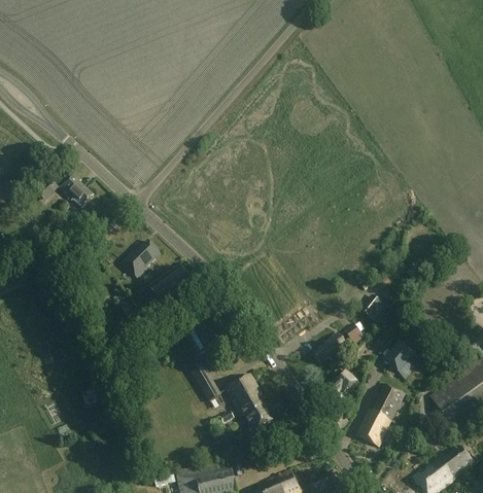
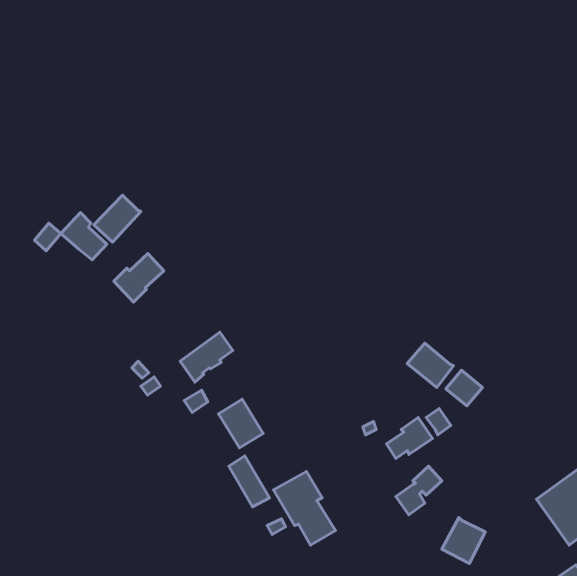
building: none -> [94,195,141,242]
building: [122,240,161,278] -> [114,254,164,302]
building: none -> [407,343,453,387]
building: [383,340,422,378] -> none
building: [372,384,405,421] -> none

